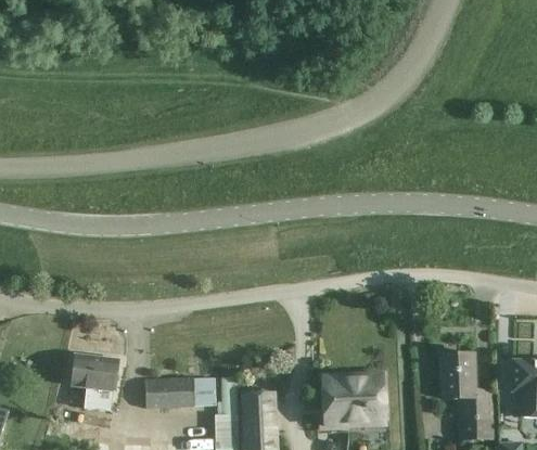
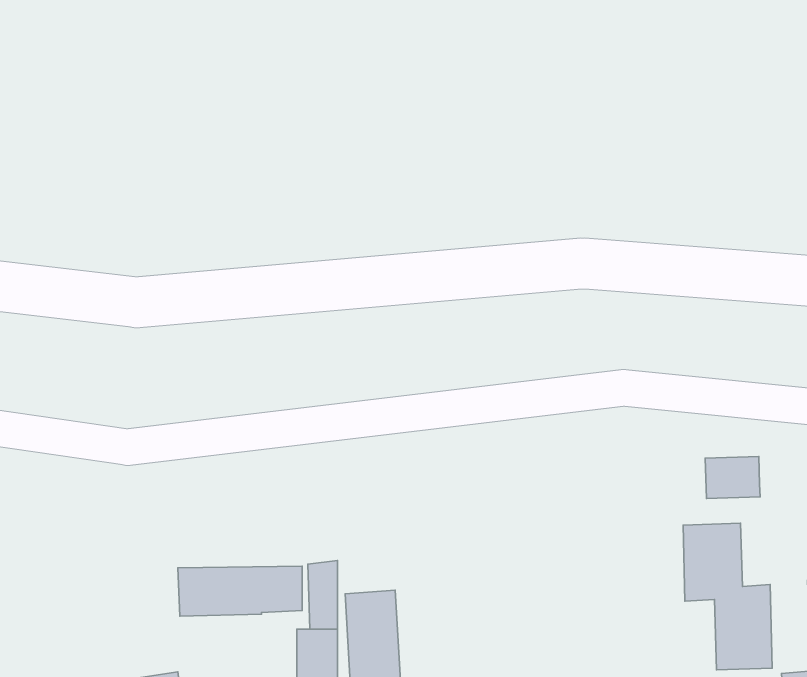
building: none -> [705,457,760,499]
building: [72,355,117,412] -> none
building: [321,374,384,426] -> none

